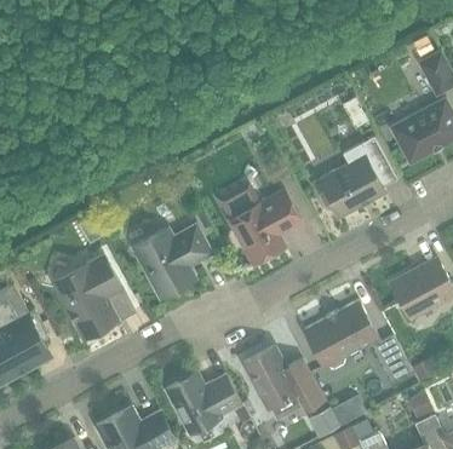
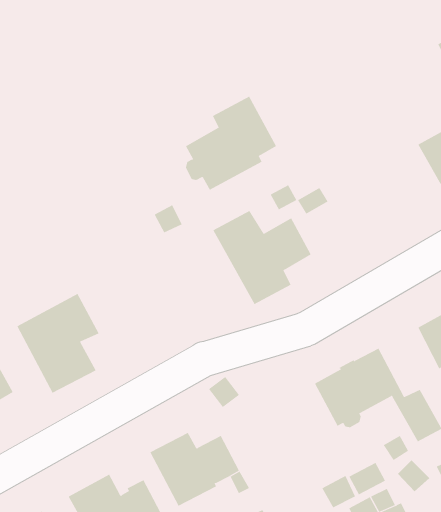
building: [320,137,397,217] -> [185,96,277,190]
building: [133,225,211,298] -> none
building: [245,346,325,421] -> none

